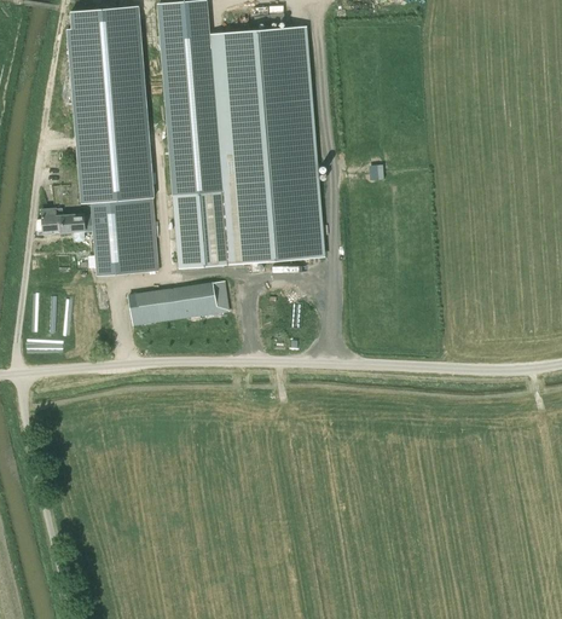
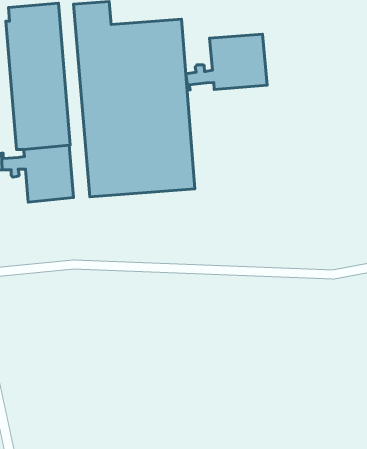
building: none -> [186,34,267,90]
building: [128,279,228,324] -> none

